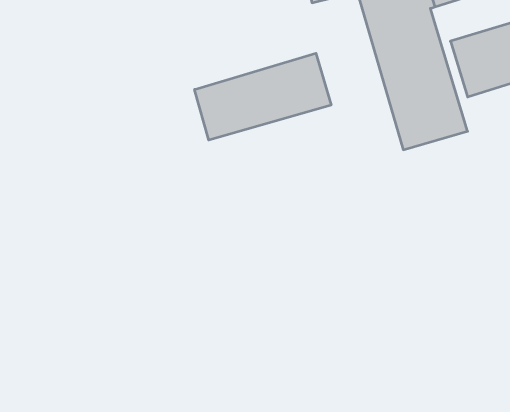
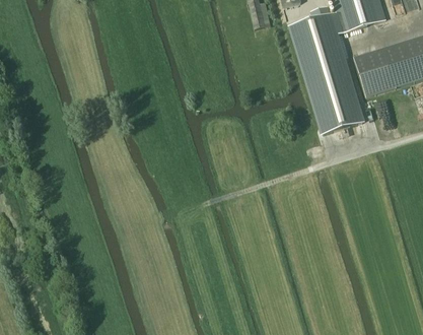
building: [195,53,331,140] -> none

